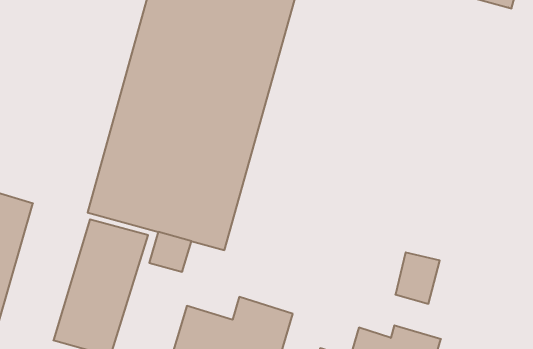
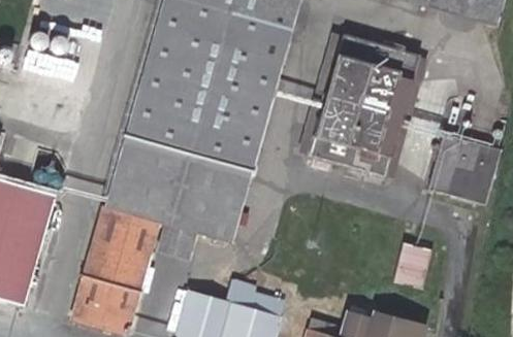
building: none -> [301,32,410,176]
building: none -> [419,133,494,205]

